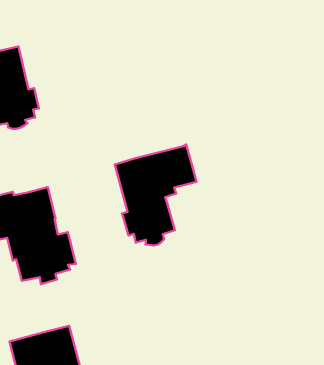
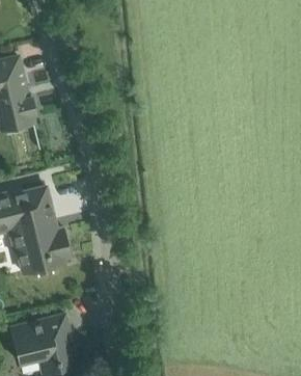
building: [115,145,196,245] -> none

